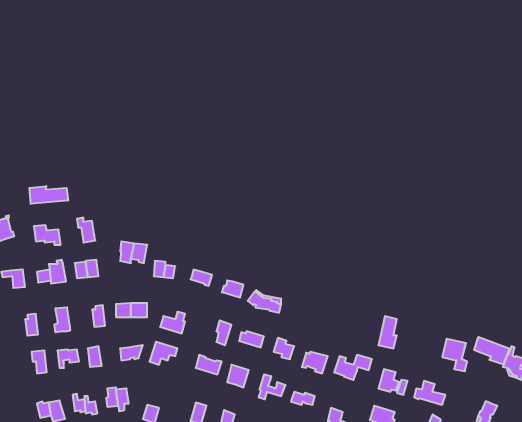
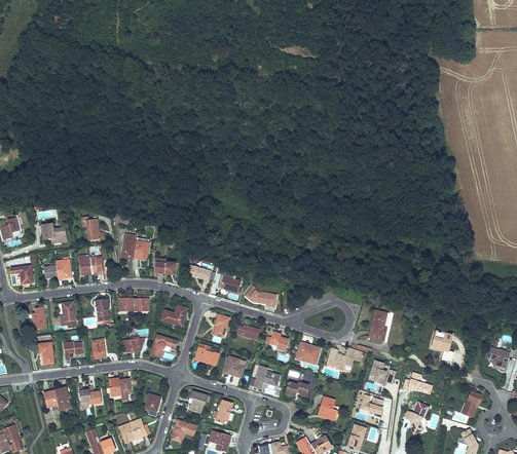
building: [29,186,68,204] -> none
building: [474,337,509,365] -> none

